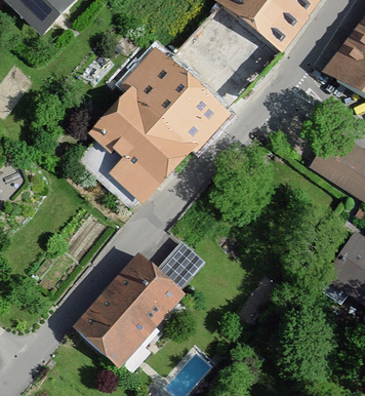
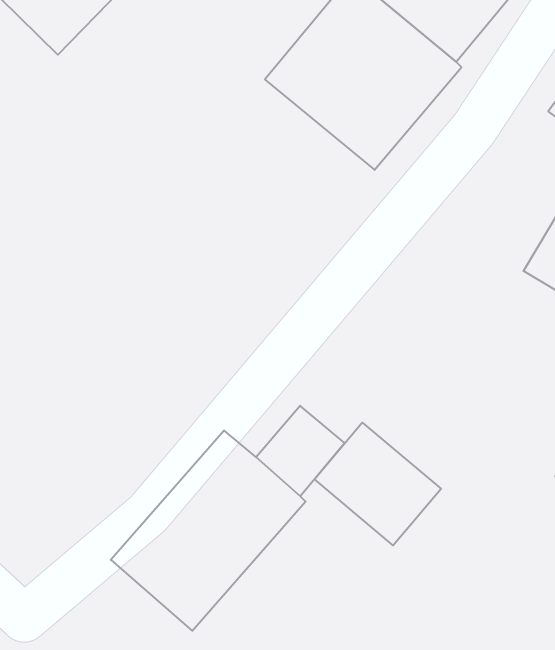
building: [86,51,225,193] -> none
building: none -> [314,423,441,545]

